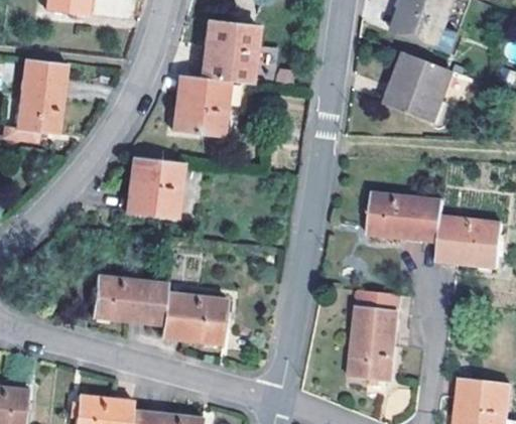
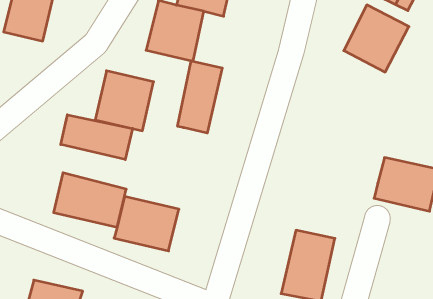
building: none -> [178,61,222,133]
building: [368,192,444,245] -> none
building: none -> [61,115,133,160]

